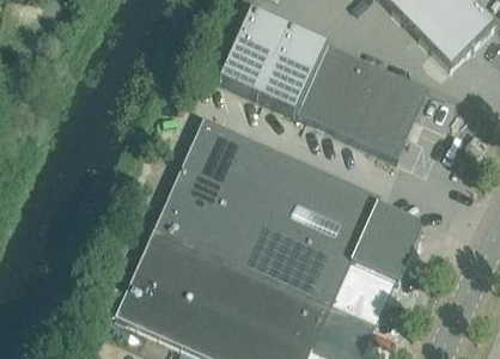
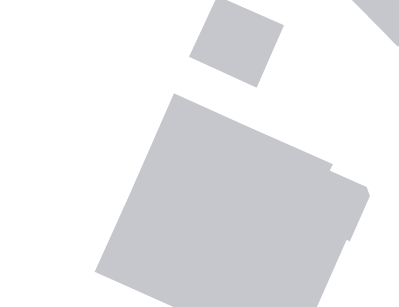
building: [297,45,428,159] -> none

